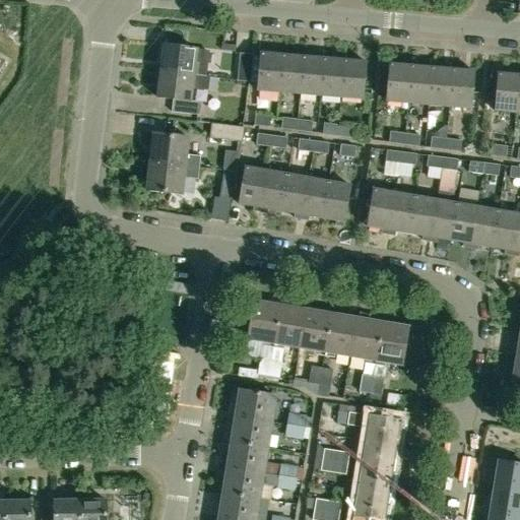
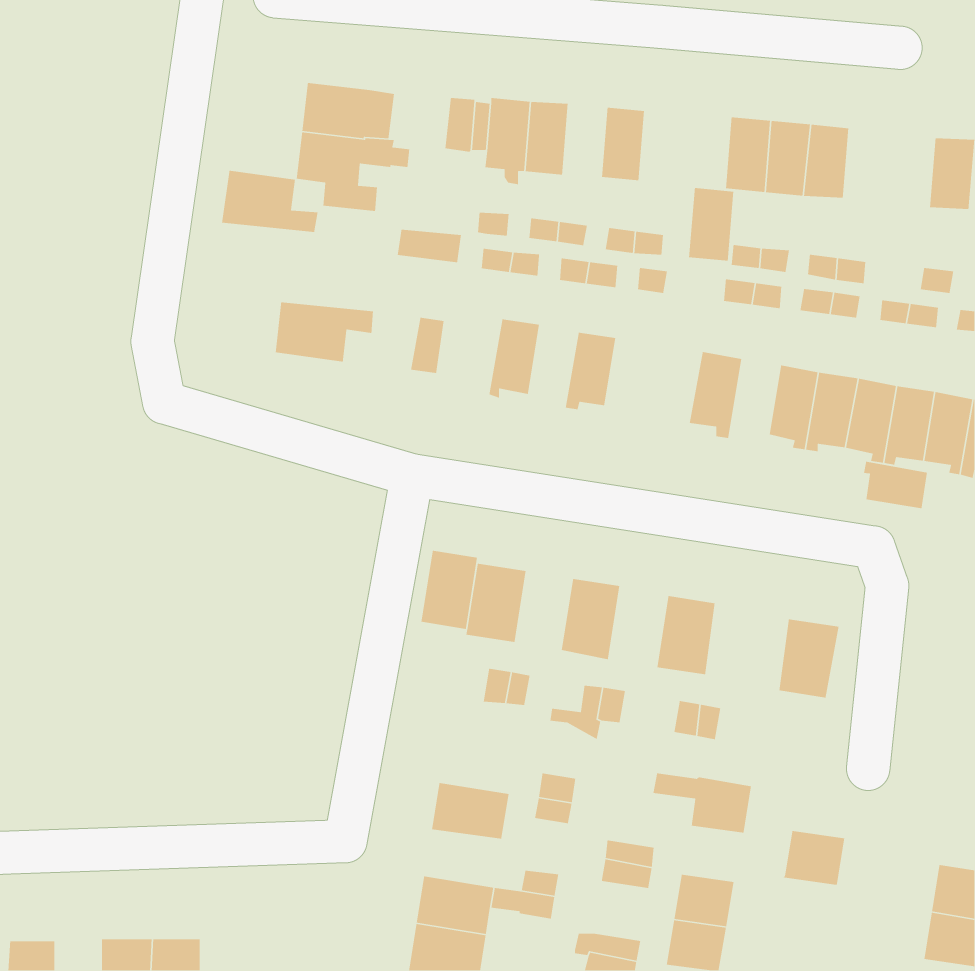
building: [300,55,323,94] -> none
building: [340,59,365,99] -> [688,187,734,262]
building: [449,68,474,108] -> none
building: [149,132,201,166] -> [221,170,319,233]
building: [239,166,267,210] -> none
building: [281,173,308,217] -> none
building: [322,180,349,224] -> none
building: [388,191,415,235] -> none
building: none -> [863,461,928,509]
building: [274,304,305,346] -> [421,550,478,630]
building: [324,312,355,355] -> none
building: [376,321,408,364] -> [779,618,840,698]
building: [234,390,275,422] -> none
building: [363,440,396,469] -> [782,830,845,885]
building: [225,442,267,472] -> none

